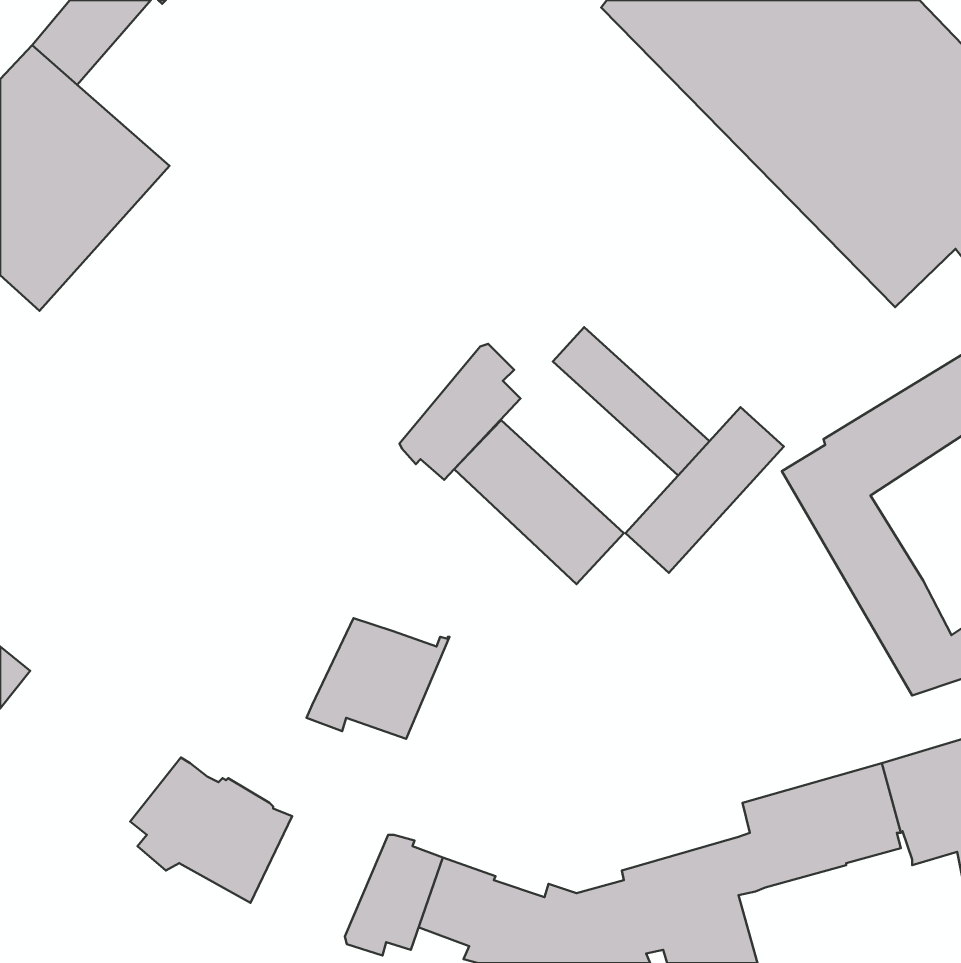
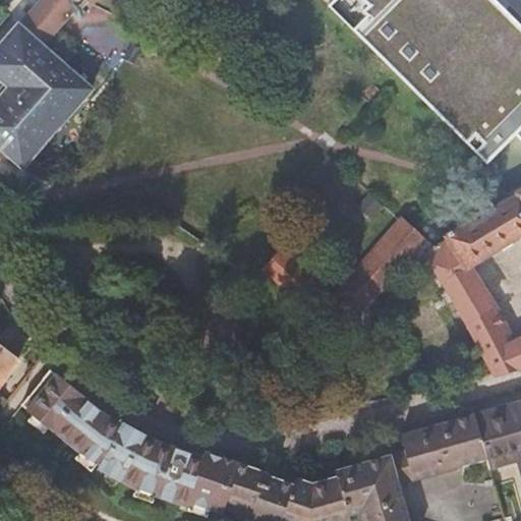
building: [553,327,709,476] -> none
building: [399,344,520,480] -> none
building: [306,618,450,739] -> [133,441,211,506]
building: none -> [21,368,99,444]

